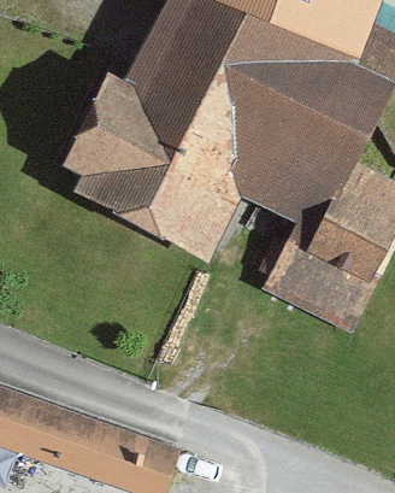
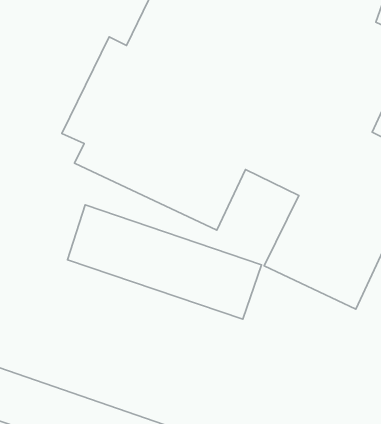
building: none -> [67,205,261,319]

